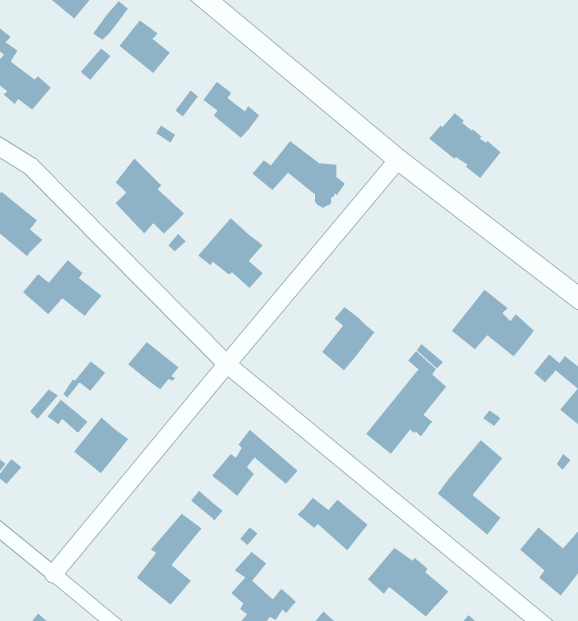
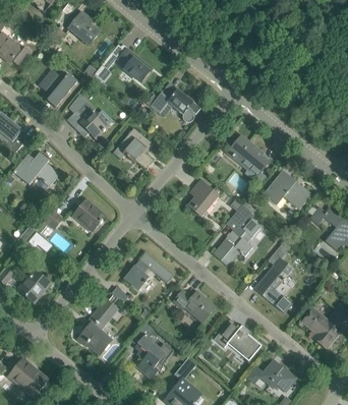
building: [428,112,502,179] -> [227,136,270,175]
building: none -> [39,68,77,107]
building: [73,417,129,474] -> [17,269,50,302]

